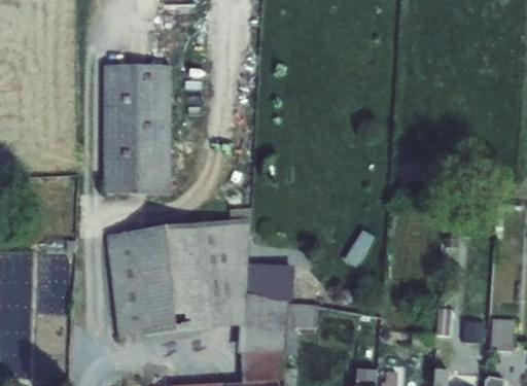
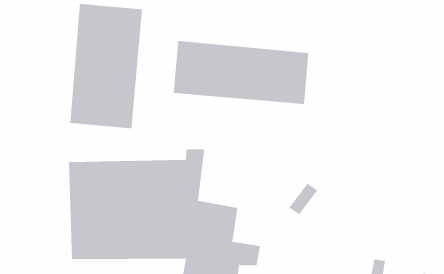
building: none -> [173,40,309,105]

